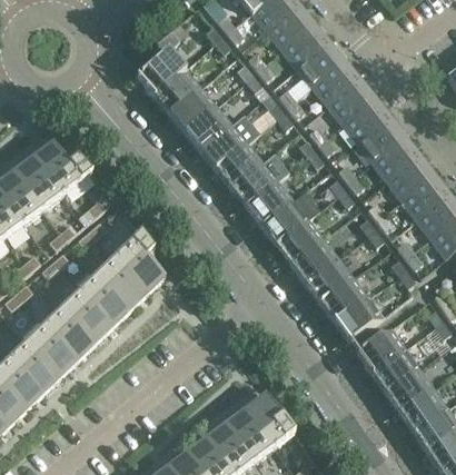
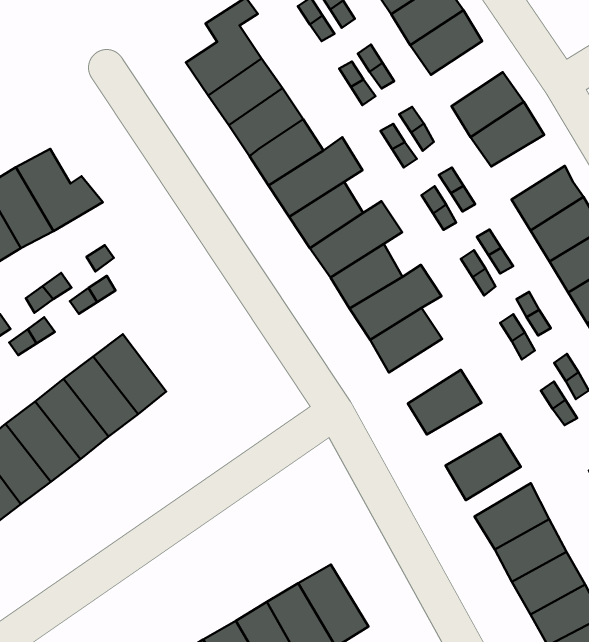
building: [296,42,343,87] -> none
building: [341,99,389,144] -> none
building: [113,232,165,293] -> none
building: [289,239,336,284] -> none
building: [318,278,366,321] -> none

